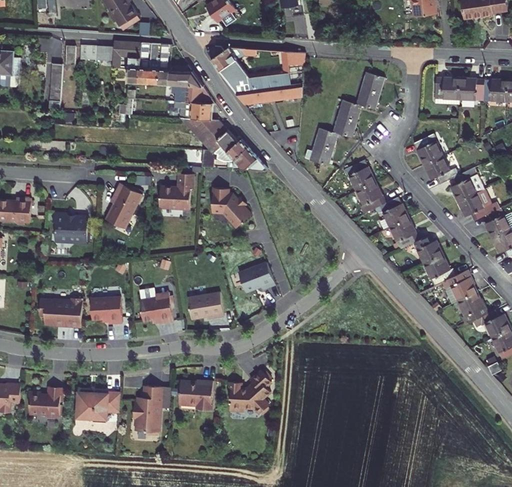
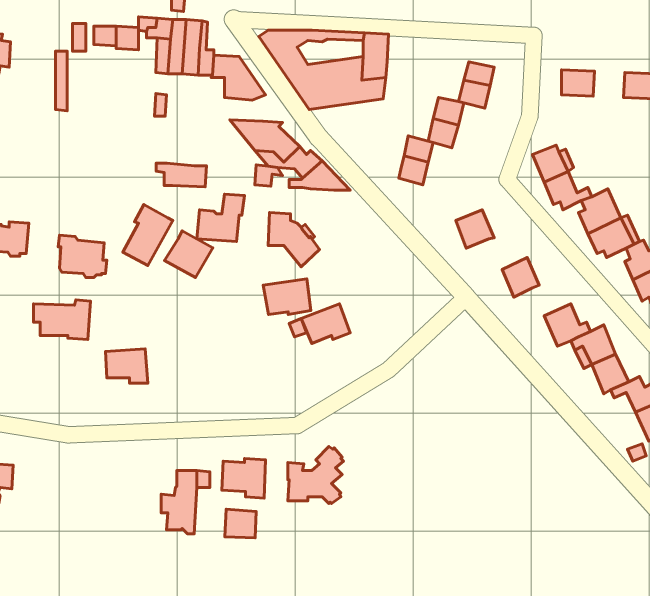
building: [459,82,483,102] -> none
building: [172,102,210,120] -> [156,163,206,187]
building: [346,167,375,195] -> none
building: [380,201,409,232] -> none
building: none -> [165,231,213,277]
building: [413,240,442,267] -> none
building: [141,284,174,318] -> none
building: [189,287,225,314] -> [263,279,311,314]
building: [39,292,82,322] -> [34,300,90,339]
building: [27,382,62,413] -> none
building: [77,388,119,419] -> none
building: none -> [225,509,256,538]

